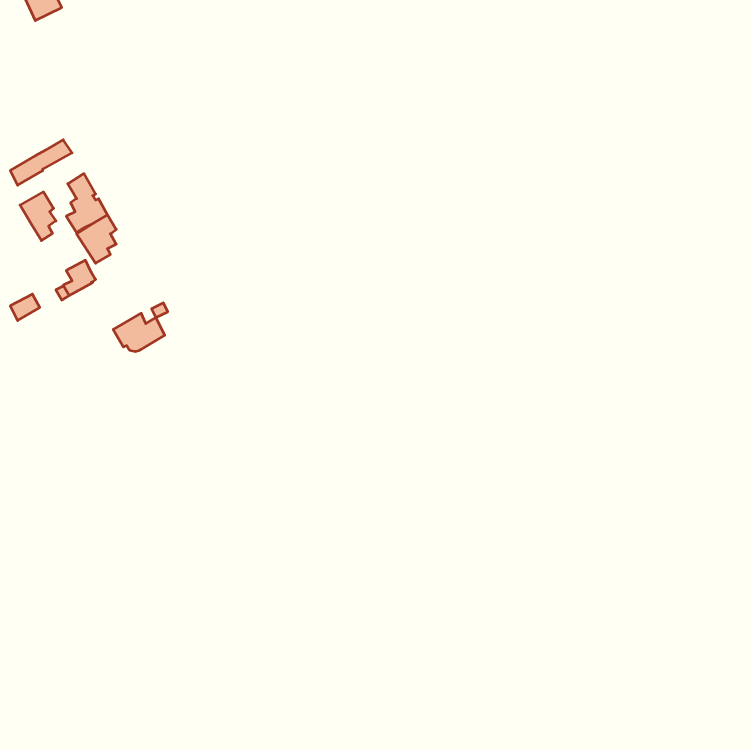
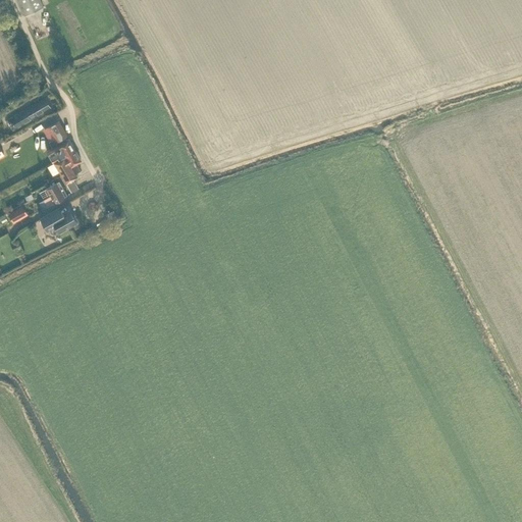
building: [20,192,56,241] -> none
building: [113,313,165,351] -> [40,206,75,232]

